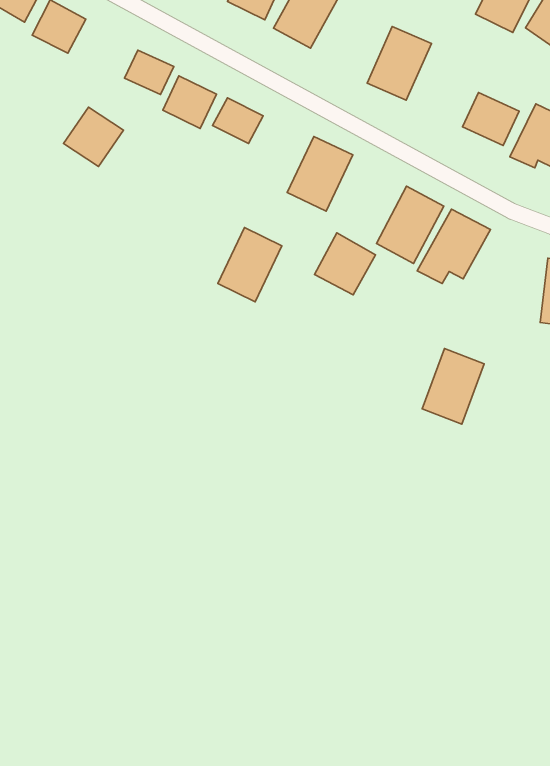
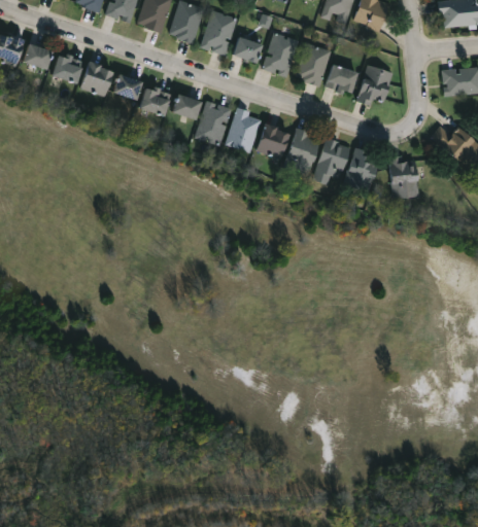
building: none -> [232,36,262,62]
building: none -> [295,43,330,86]
building: [64,107,123,166] -> [79,62,114,97]
building: [218,227,282,302] -> [195,101,230,145]
building: [315,233,375,295] -> [255,124,291,160]
building: [422,348,484,424] -> [346,147,379,191]

